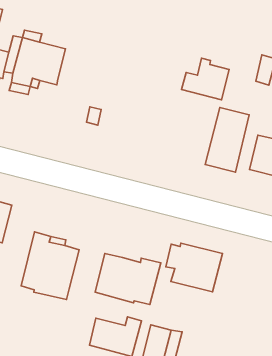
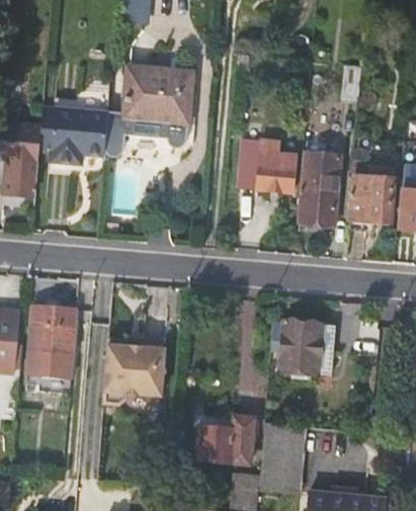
building: none -> [105,69,192,157]
building: [182,58,229,100] -> [244,146,297,191]
building: [95,254,161,304] -> none

